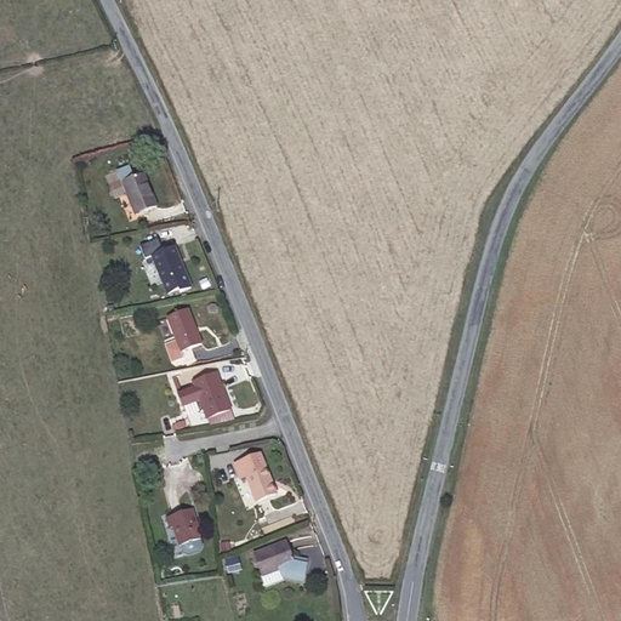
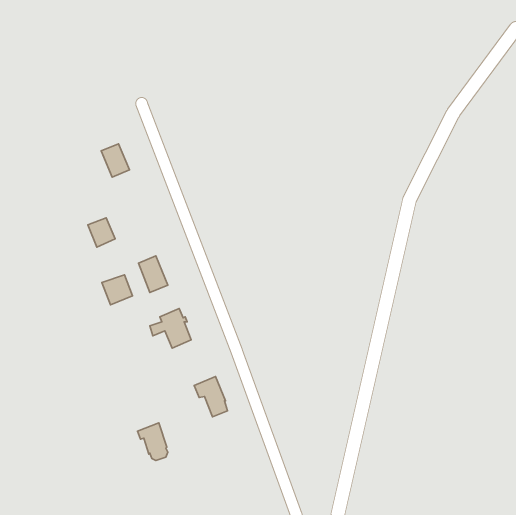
building: [152,245,184,280] -> [88,218,115,247]
building: none -> [102,275,132,305]
building: [252,540,306,577] -> none

